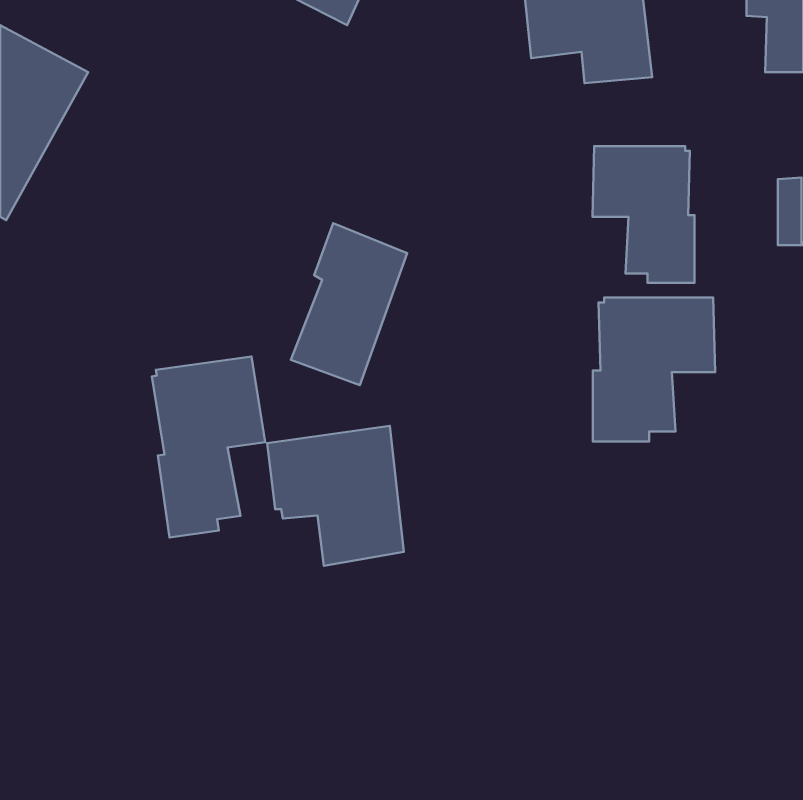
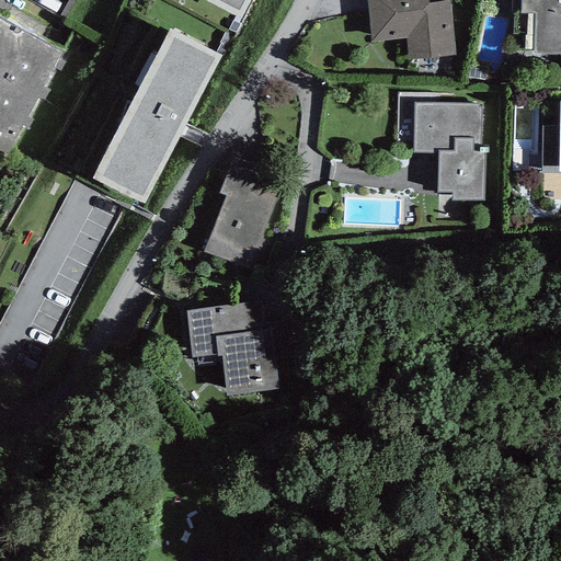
building: none -> [92,28,221,204]
building: [593,297,715,442] -> none
building: [152,356,265,538] -> none

